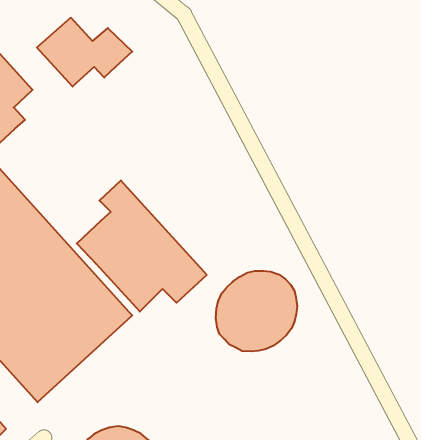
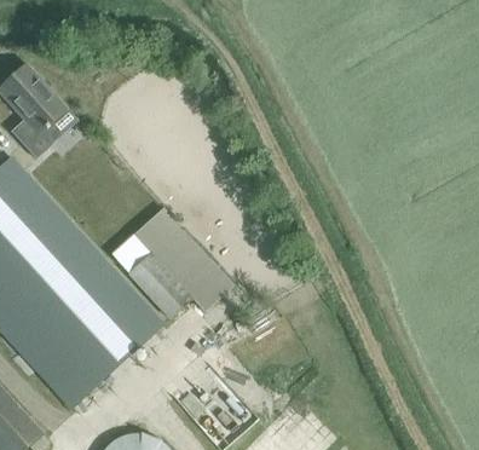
building: [37,18,132,87] -> none
building: [216,271,297,351] -> none

